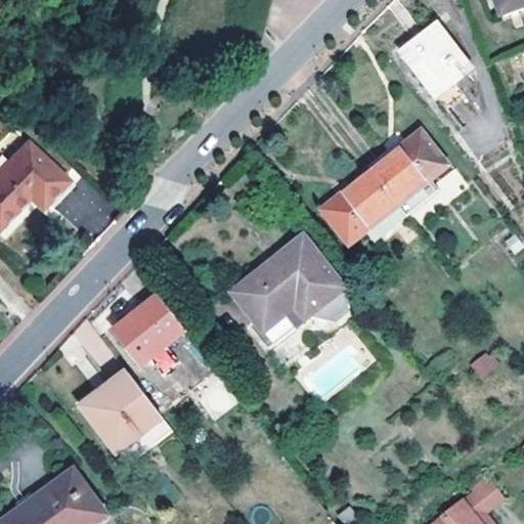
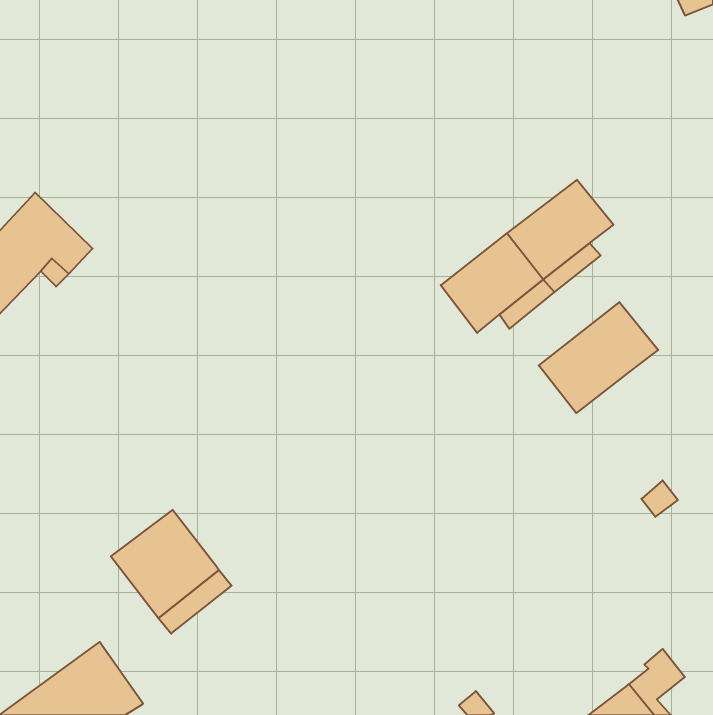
building: [401,24,468,92] -> none
building: none -> [539,302,658,413]
building: [230,234,345,343] -> none
building: [111,295,184,366] -> none

